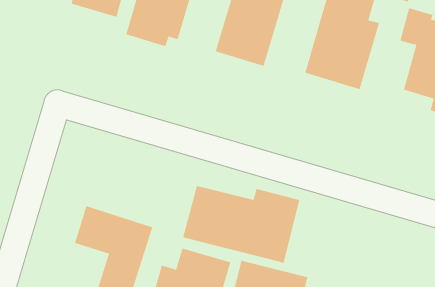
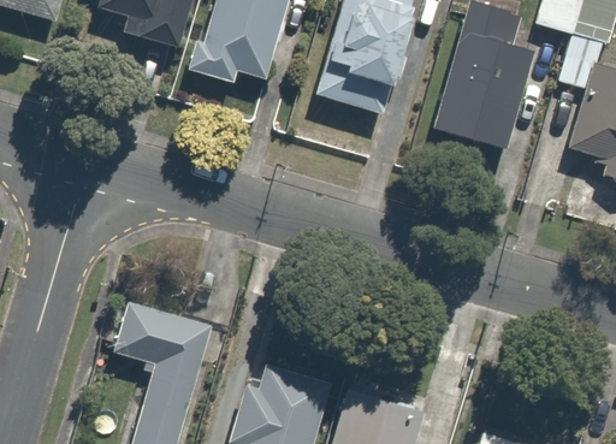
building: [183,185,300,263] -> none

